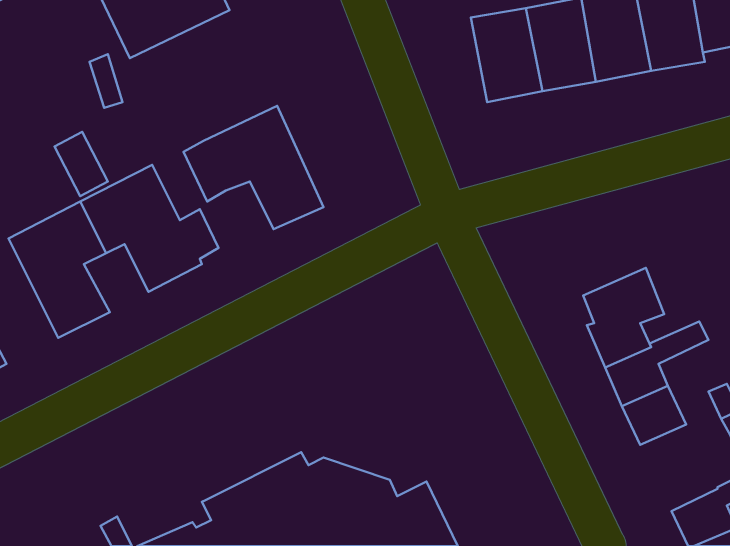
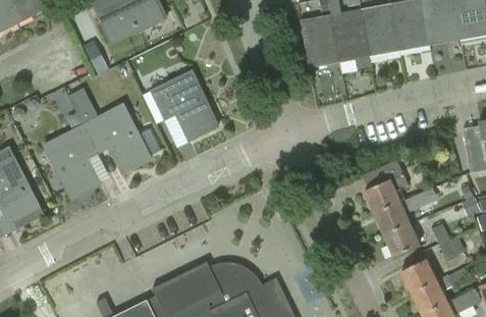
building: none -> [399,261,436,295]

